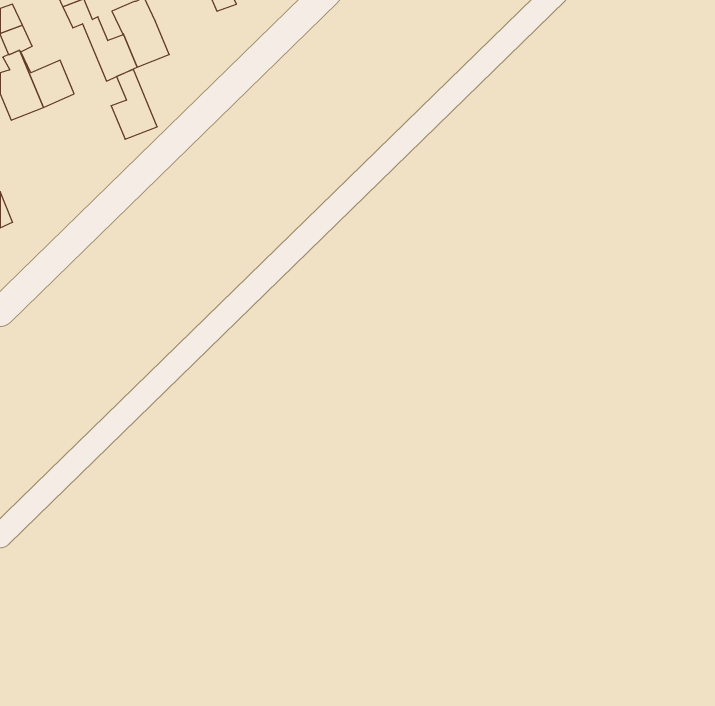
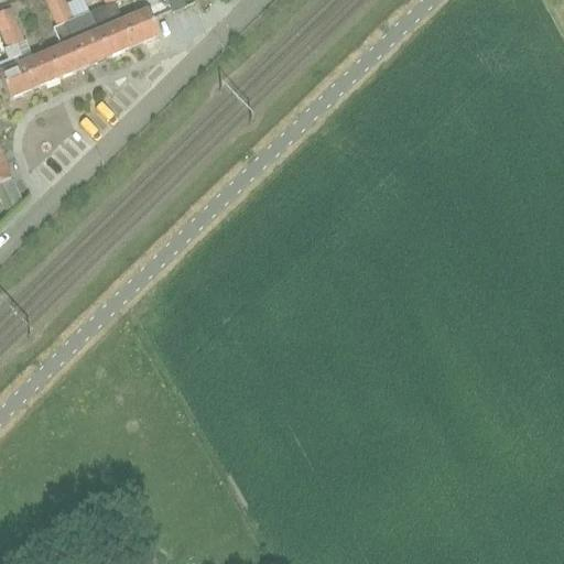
building: none -> [122,6,159,43]
building: [111,69,157,139] -> [47,19,84,74]

